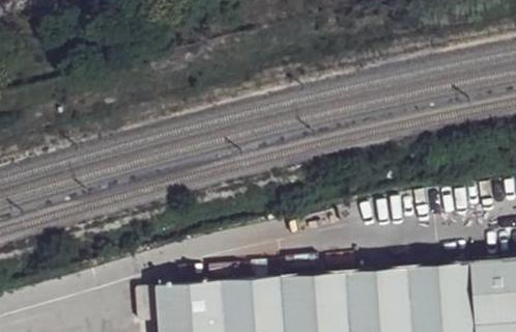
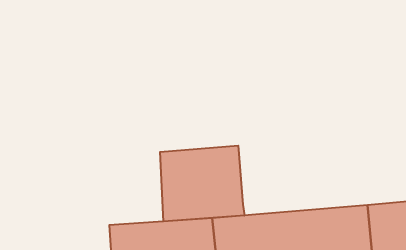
building: none -> [160,146,244,221]

